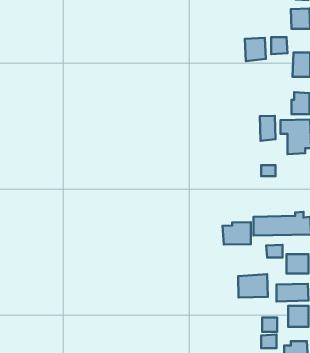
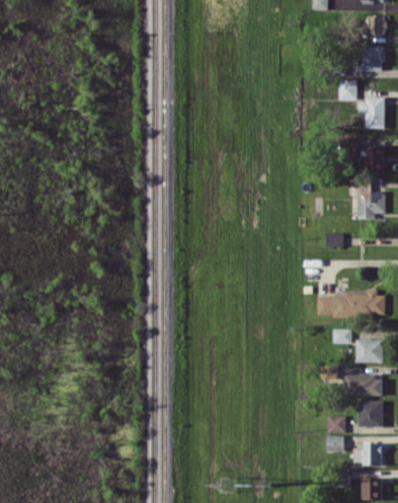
building: [245,38,266,61] -> none
building: [260,116,275,141] -> none
building: [222,222,251,244] -> none
building: [238,274,268,298] -> none

